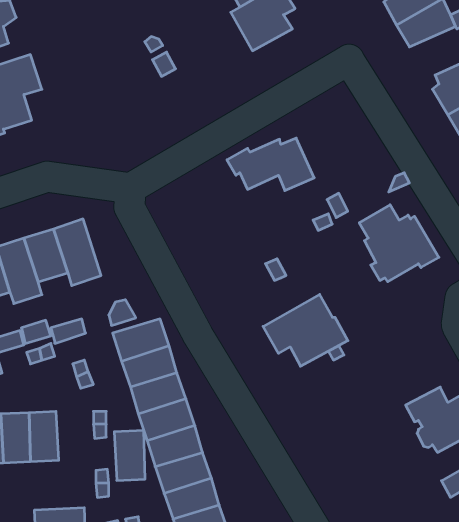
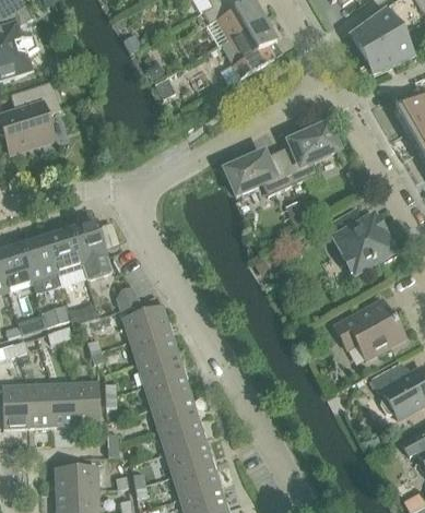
building: none -> [278,123,338,184]
building: [263,294,348,366] -> [333,298,405,359]
building: [114,430,145,480] -> [73,382,99,425]

